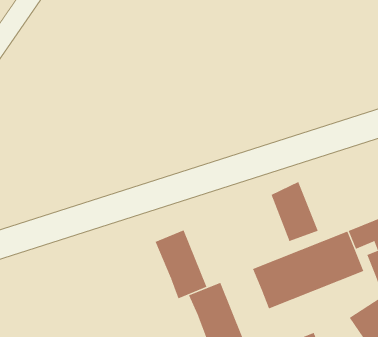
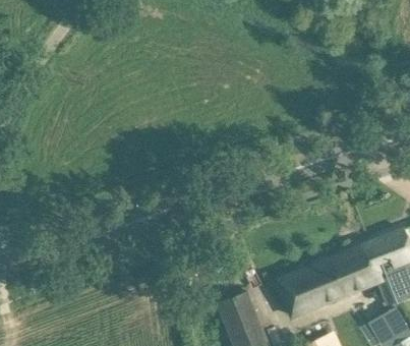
building: [271,181,318,242] -> none
building: [155,230,207,299] -> none

